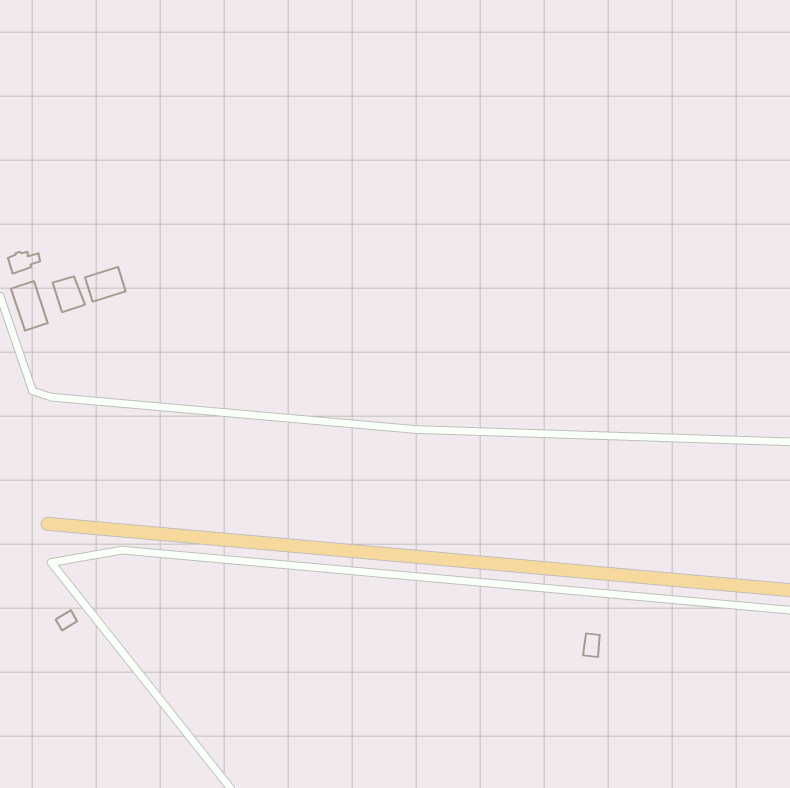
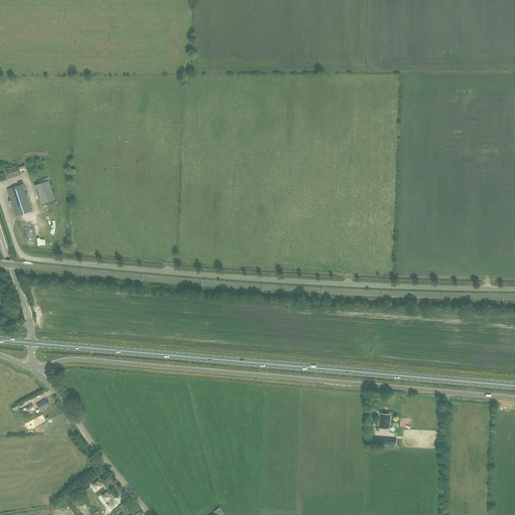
building: [85,267,126,302] -> none

